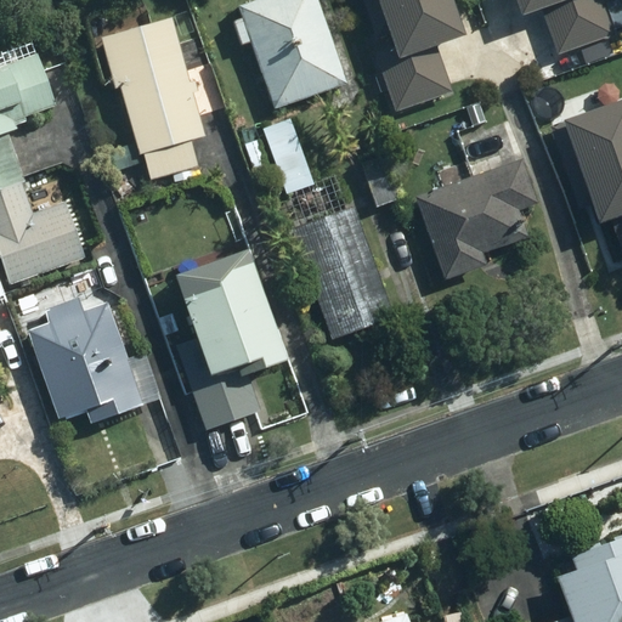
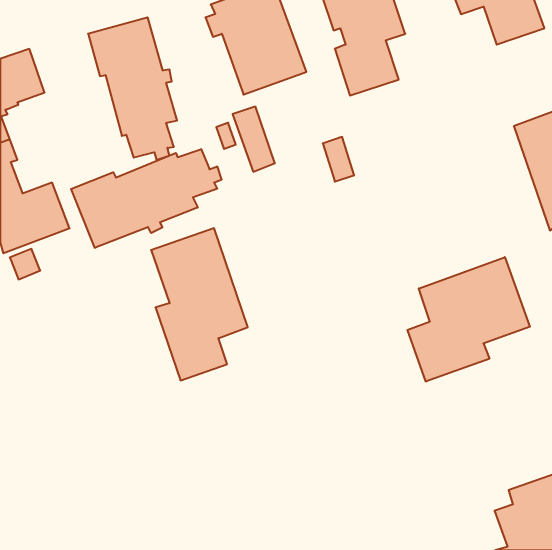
building: [415,160,533,277] -> none
building: none -> [71,149,222,248]
building: [292,208,390,338] -> none
building: none -> [407,257,530,382]
building: [27,299,140,422] -> none

